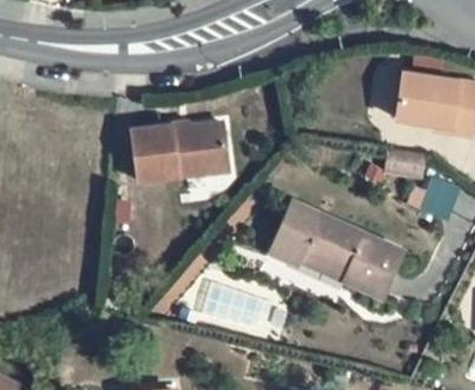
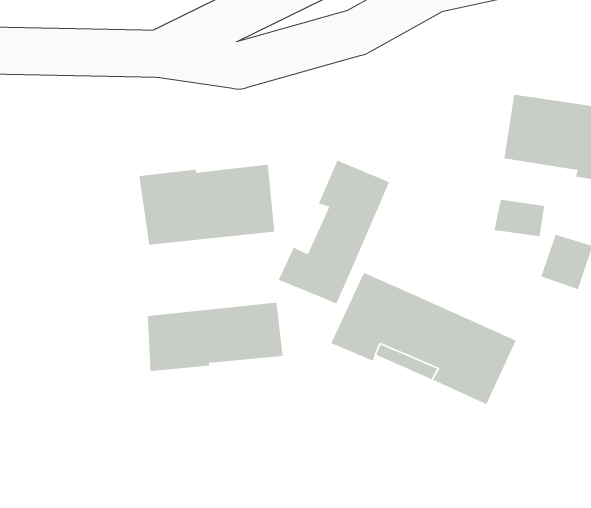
building: none -> [278,160,390,305]
building: none -> [147,302,283,372]

